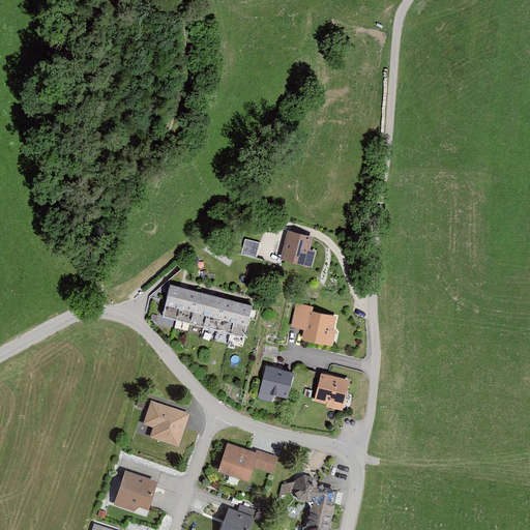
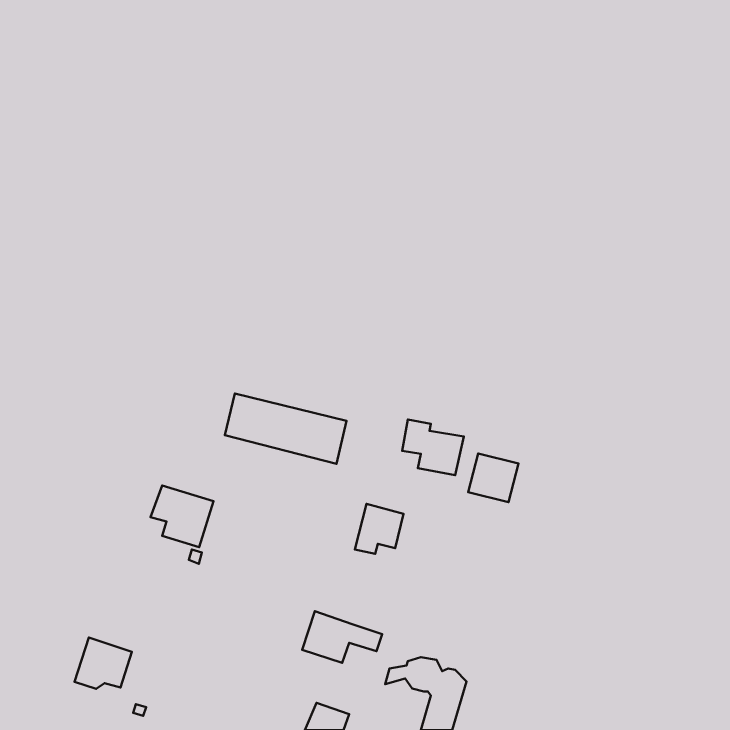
building: [281,231,315,266] -> none
building: [313,373,349,408] -> [468,453,518,502]
building: [143,401,188,445] -> [151,486,214,547]
building: [115,471,156,508] -> [75,637,132,689]

